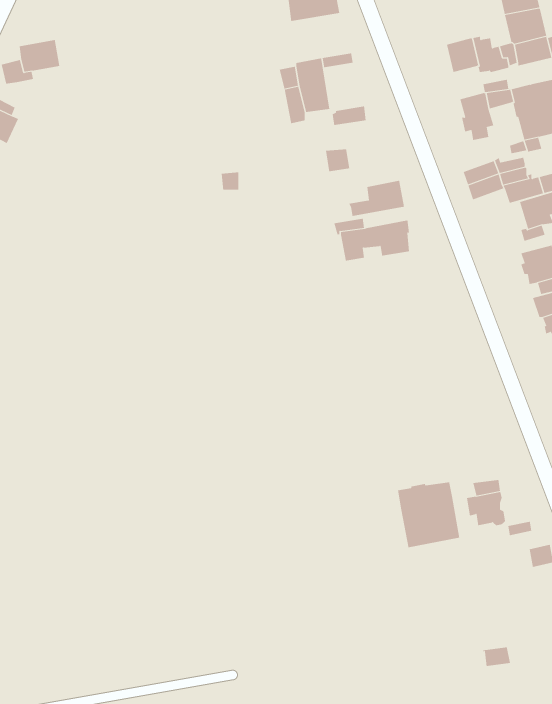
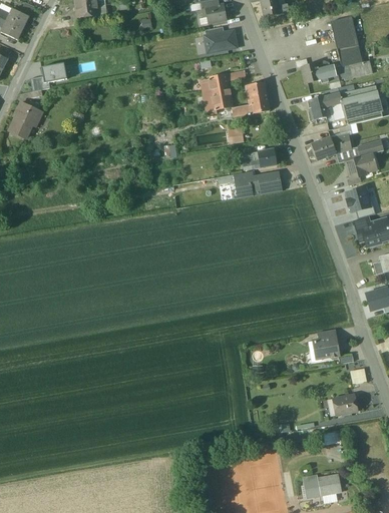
building: none -> [248,82,269,112]
building: [397,482,460,548] -> none
building: none -> [332,394,357,416]

